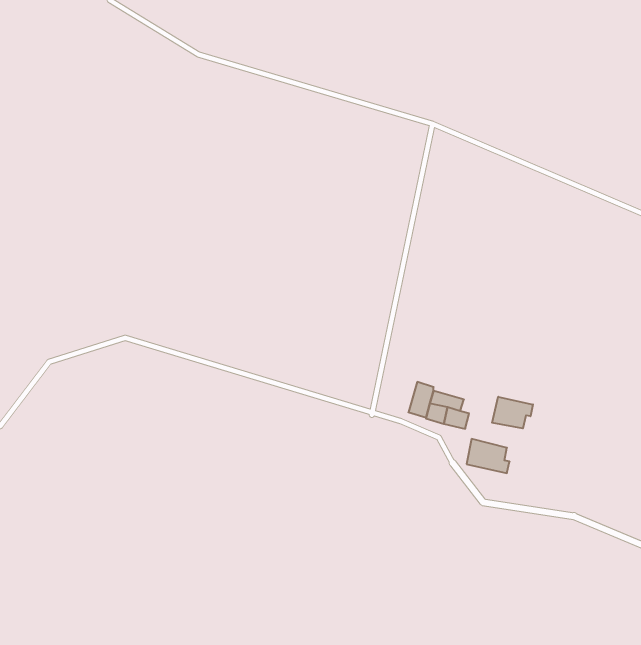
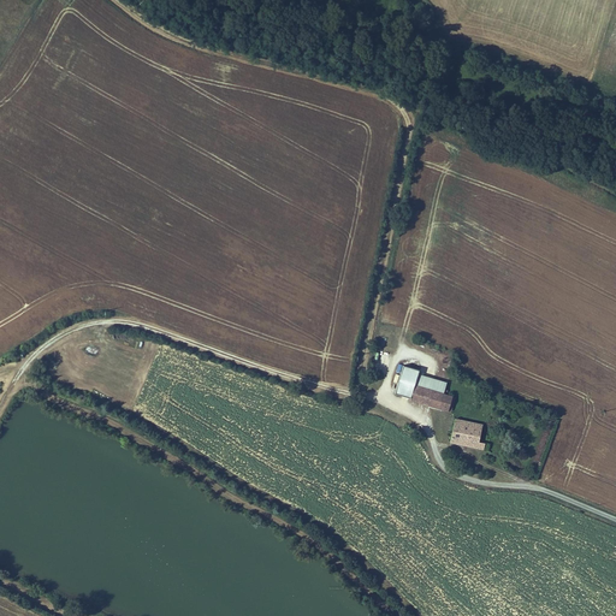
building: [492,397,533,428] -> none

